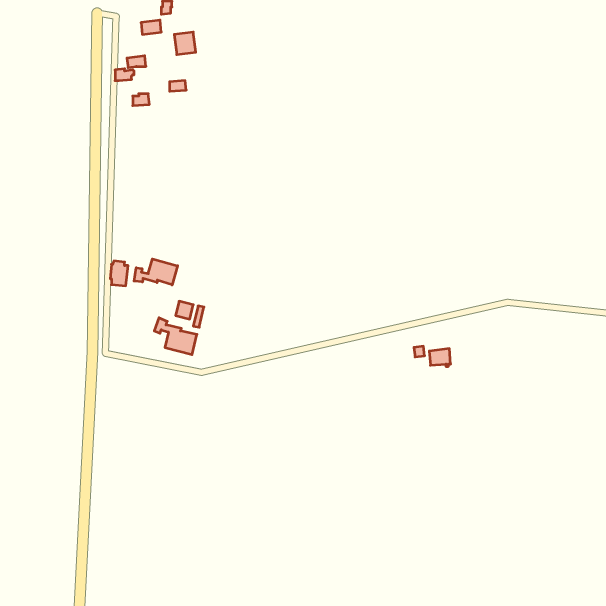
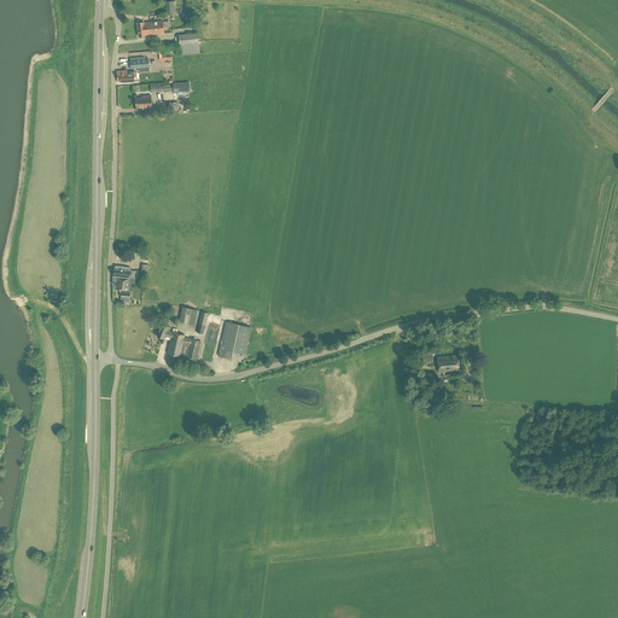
building: [134,259,178,285] -> none
building: none -> [217,321,251,358]

